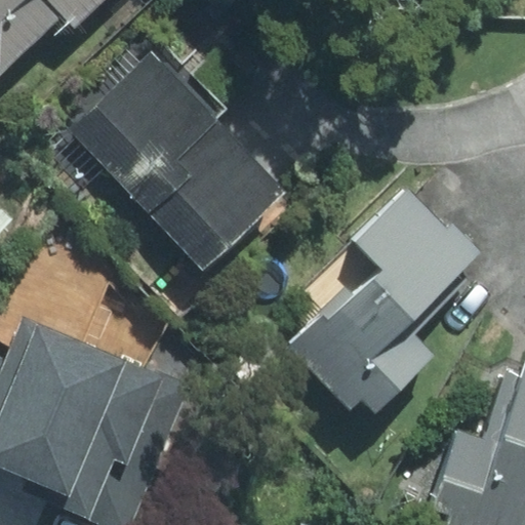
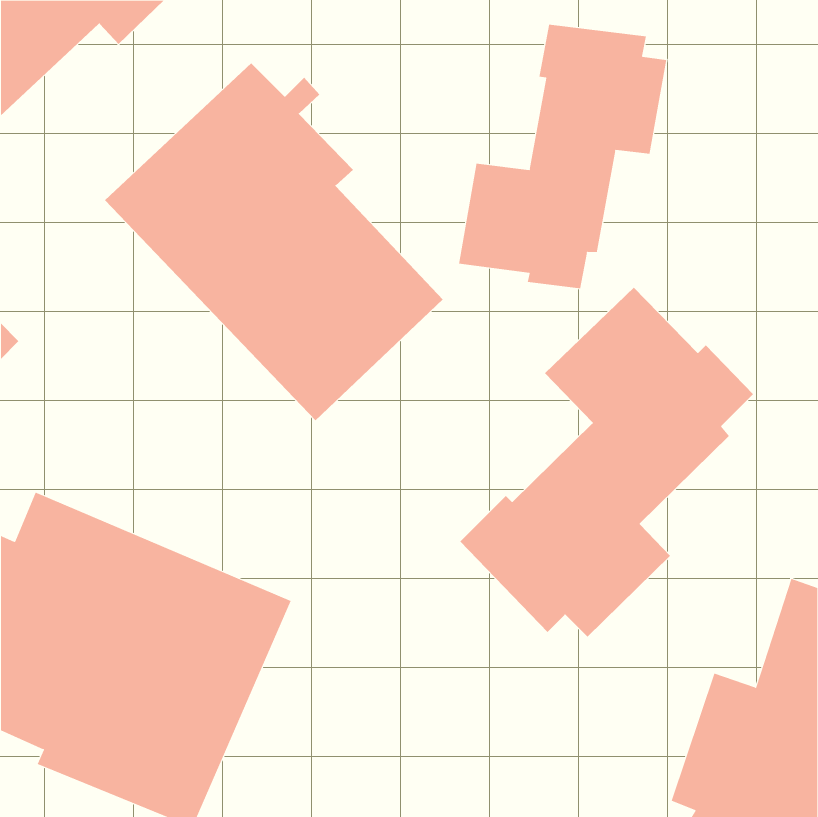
building: none -> [459,24,667,289]

